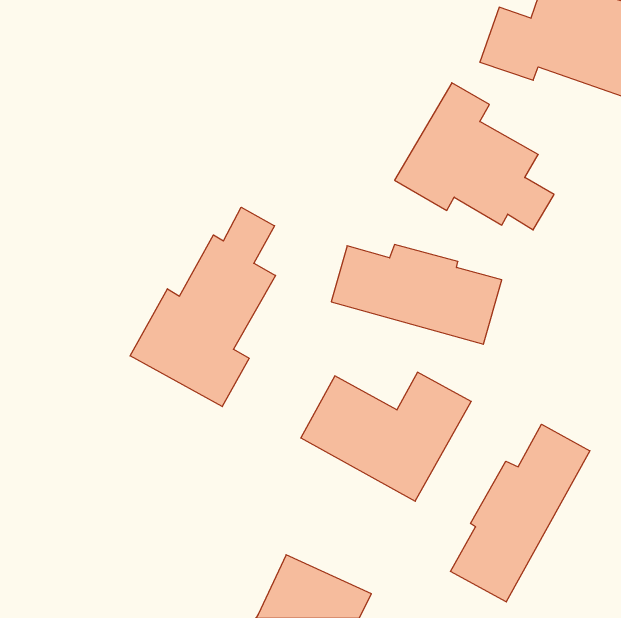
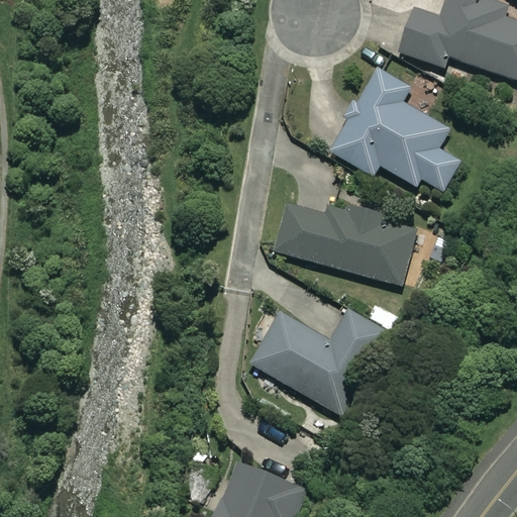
building: [130,207,276,407] -> none
building: [450,424,590,602] -> none

